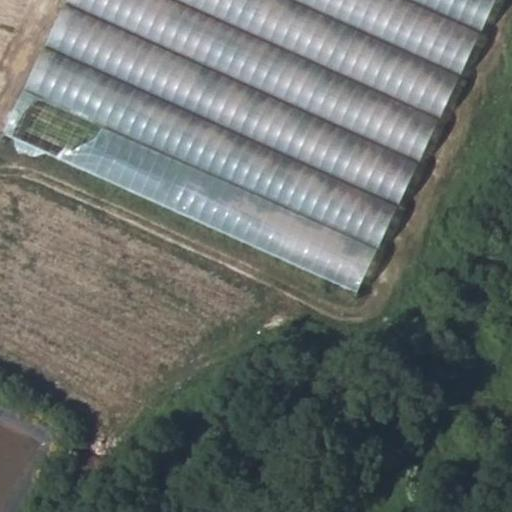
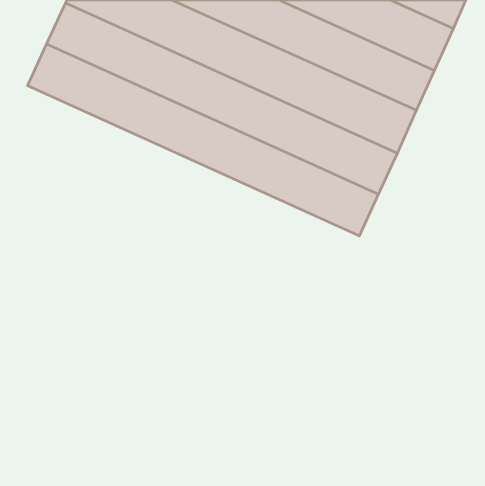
building: [9,90,378,292] -> none

